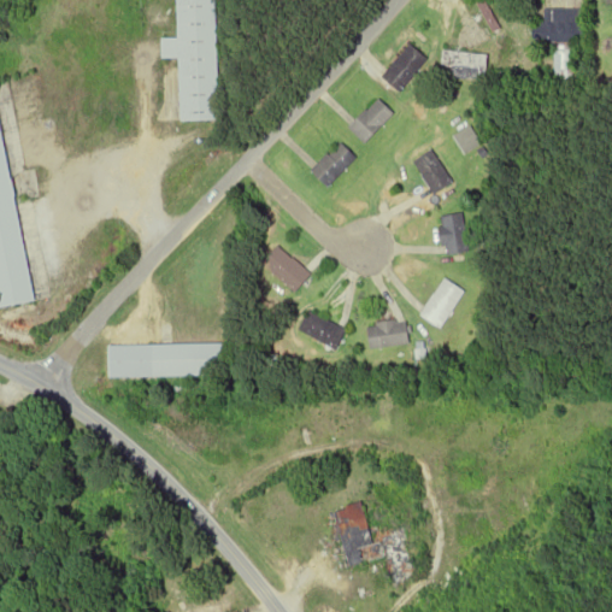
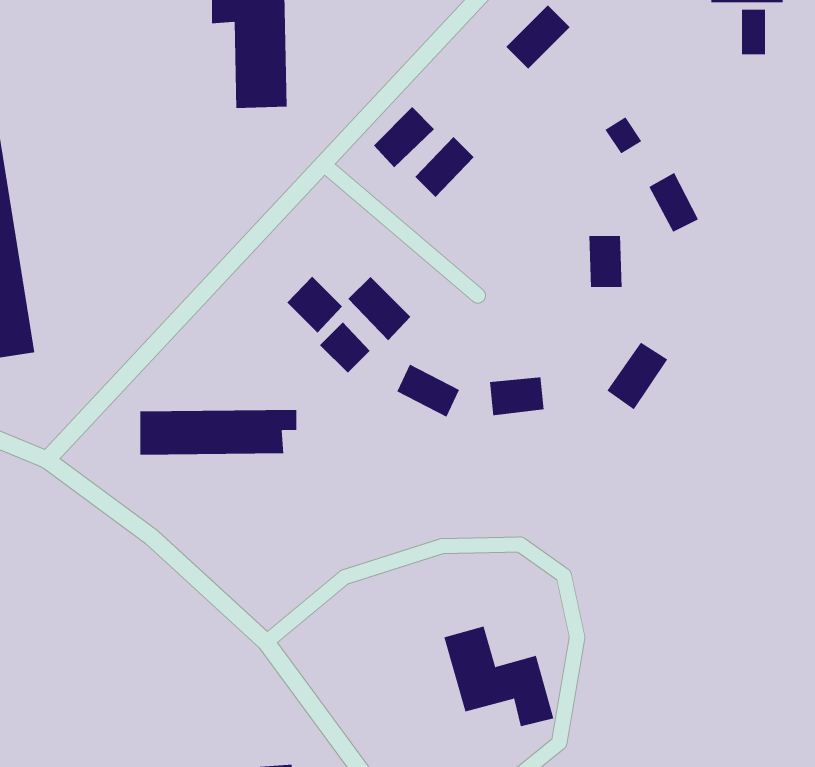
building: [439,48,487,83] -> none
building: [347,98,393,143] -> [373,106,435,168]
building: [413,149,451,194] -> [648,172,699,232]
building: none -> [287,276,343,333]
building: [418,277,464,328] -> [606,342,668,410]
building: none -> [319,321,370,373]

